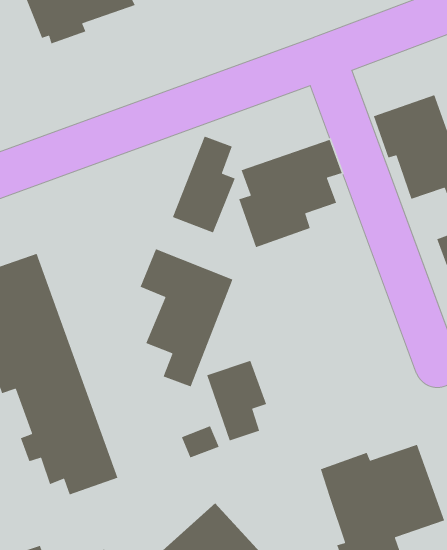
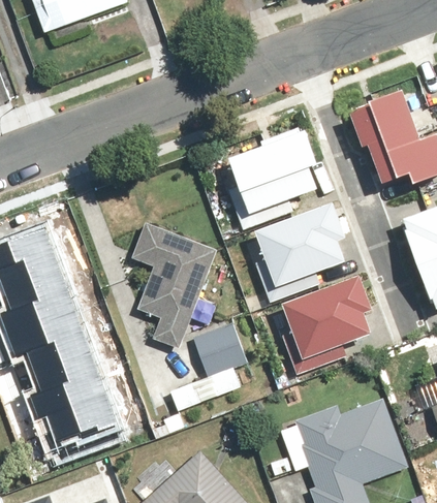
building: [172,135,236,233] -> none
building: none -> [250,199,344,297]
building: none -> [277,271,371,370]

